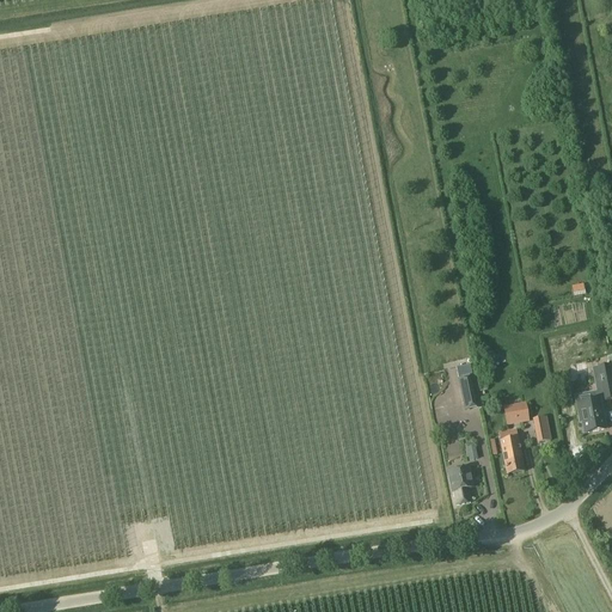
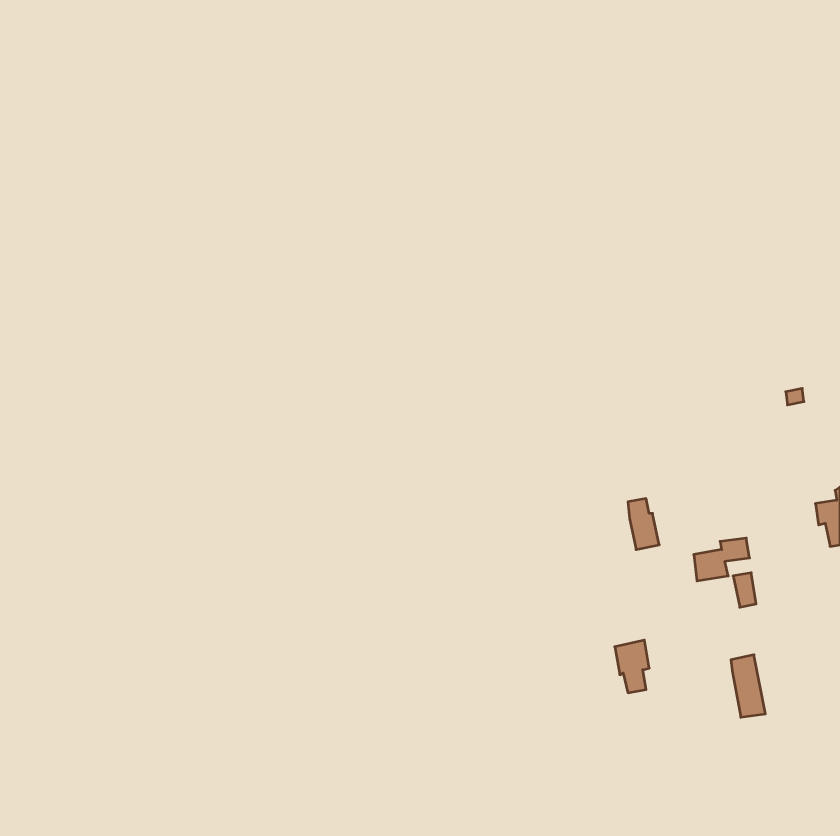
building: [577,398,605,430] -> none
building: [498,427,524,472] -> [731,655,765,717]

